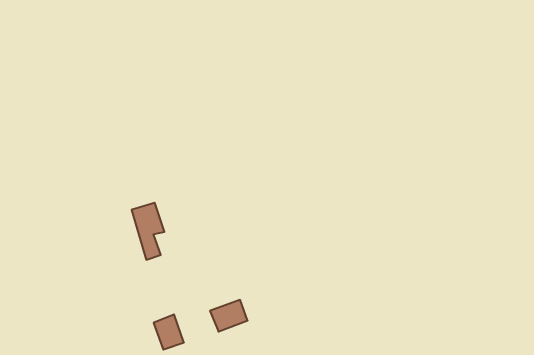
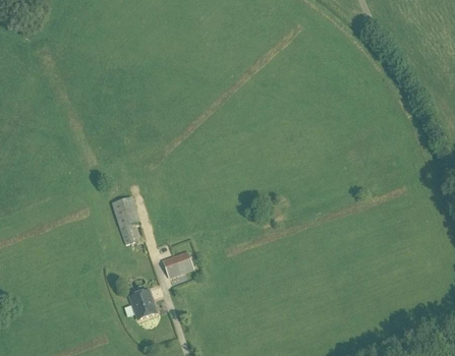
building: [210,300,248,332] -> [163,251,194,278]

